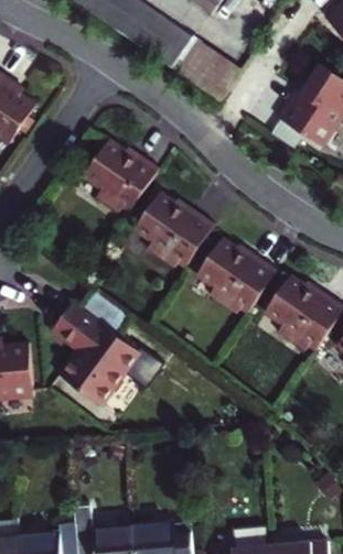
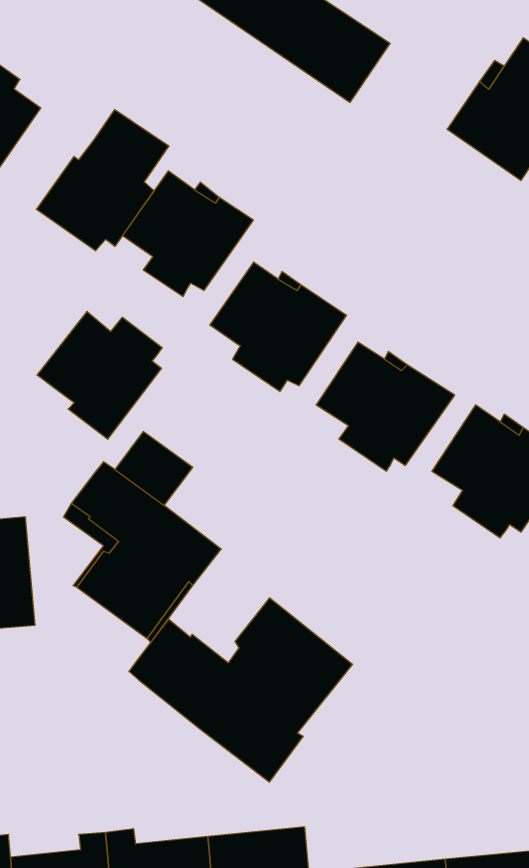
building: none -> [36,110,169,251]
building: none -> [37,311,162,439]
building: none -> [129,598,352,782]

